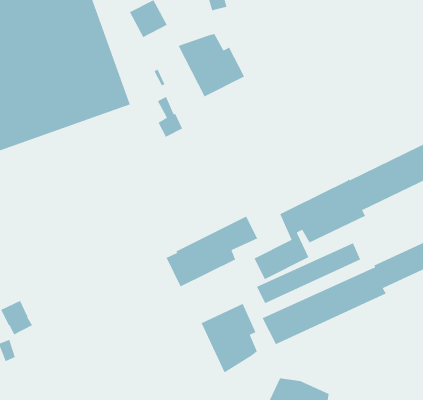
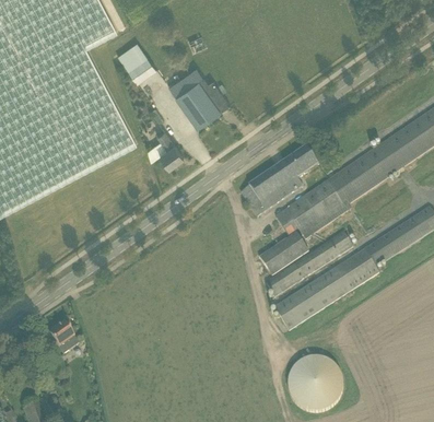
building: [165,216,258,287] -> [239,145,317,215]
building: [201,303,258,374] -> none

